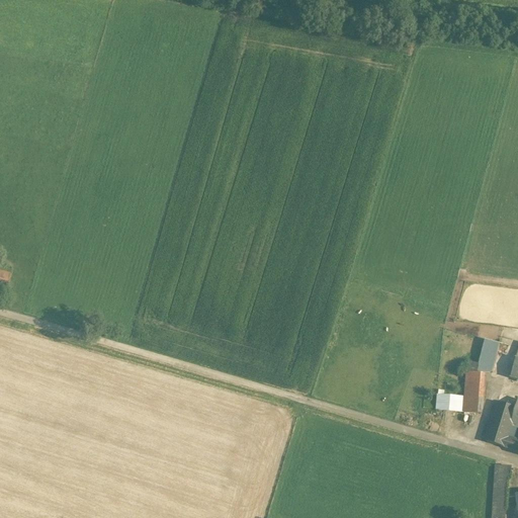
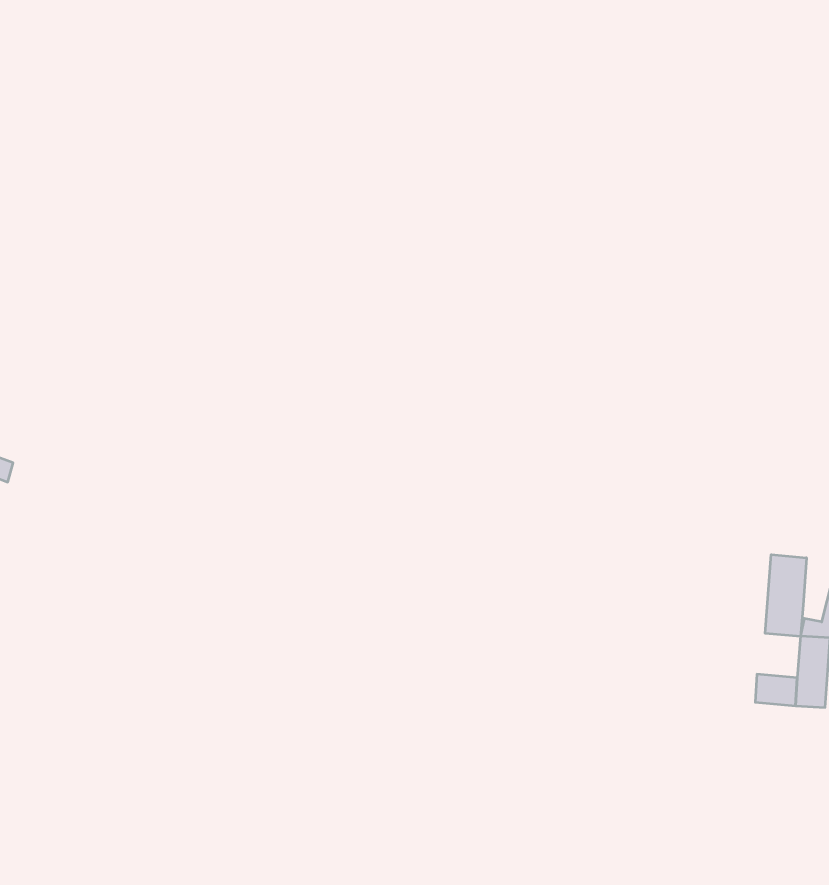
building: none -> [765,555,806,637]

